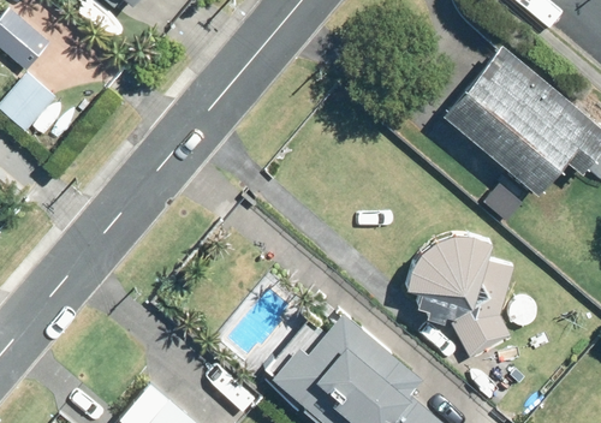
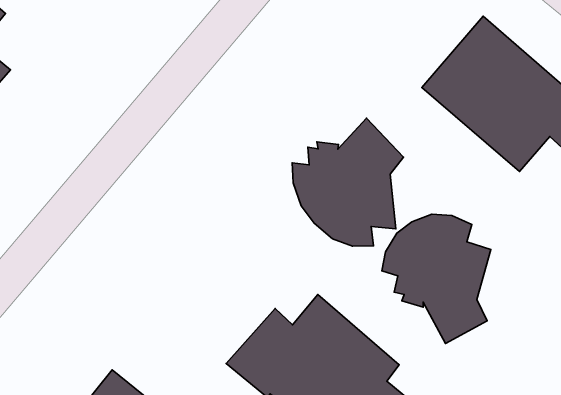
building: none -> [292,118,403,246]

